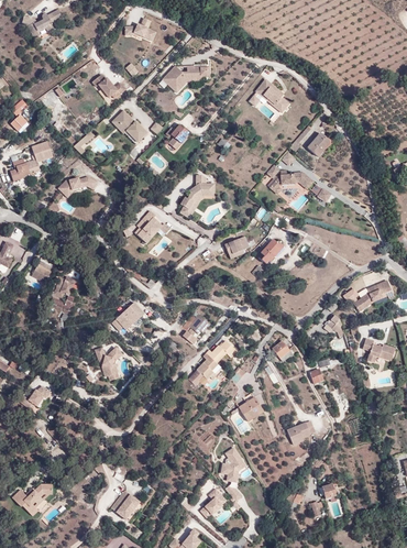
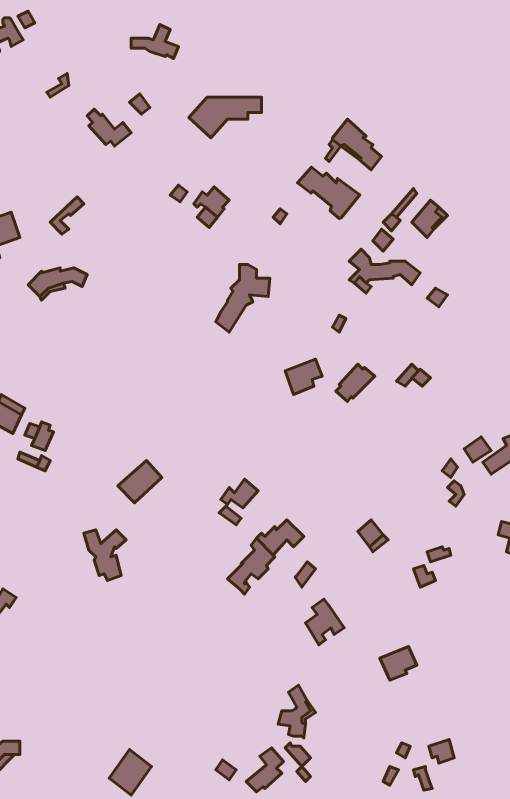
building: [111,110,147,142] -> none
building: none -> [298,167,360,218]
building: [138,210,170,242] -> none

